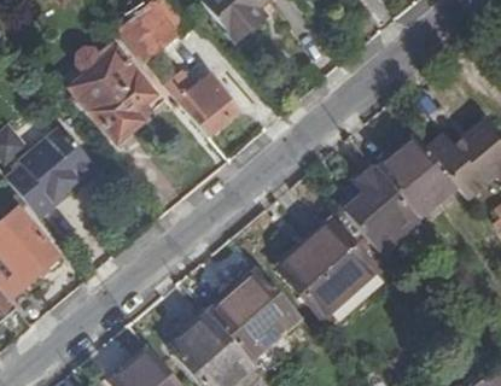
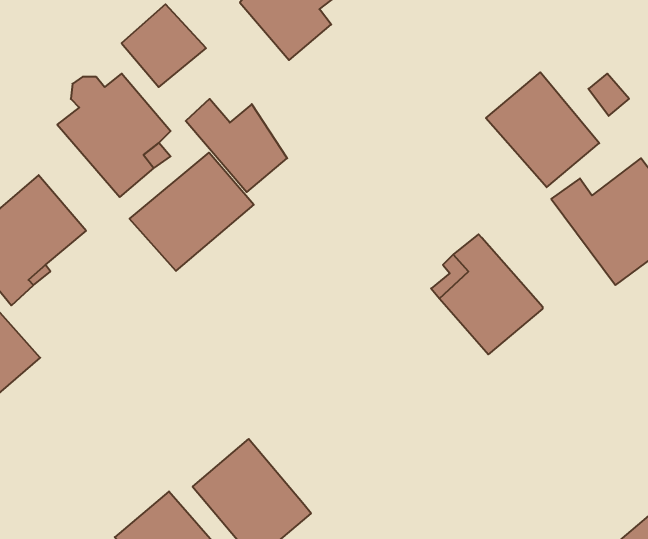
building: none -> [130,153,254,271]
building: [374,138,455,220] -> [486,72,599,187]
building: [276,224,384,324] -> none
building: [205,269,299,361] -> none

